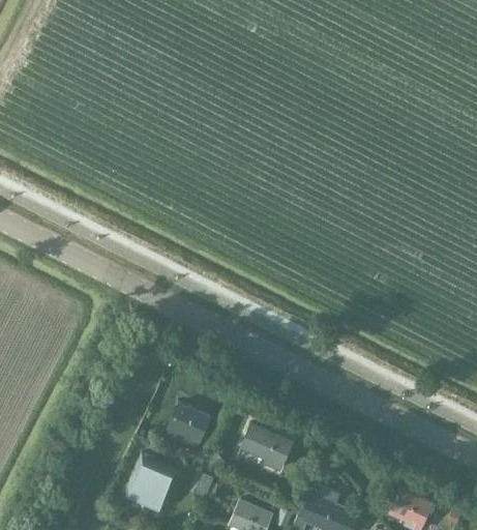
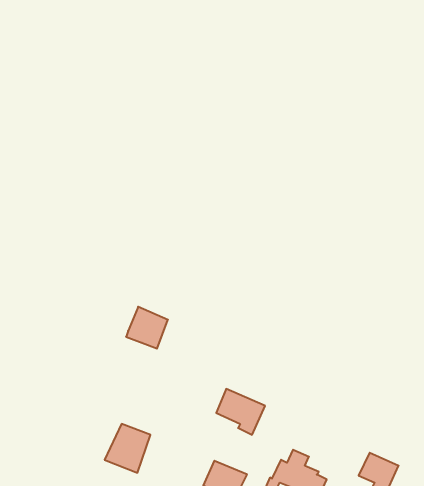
building: [166,404,209,447] -> [126,307,168,349]

